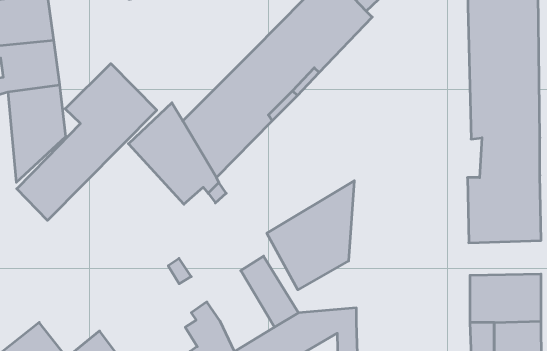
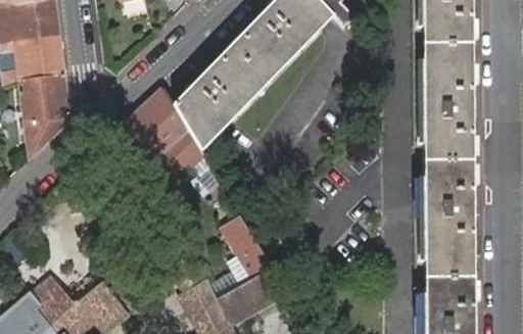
building: [17,64,157,220] -> none
building: [267,181,354,290] -> none
building: none -> [414,205,475,235]

